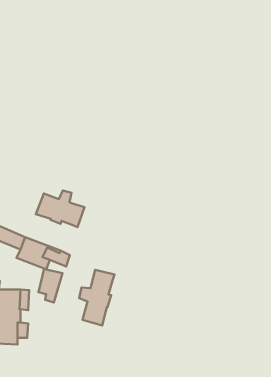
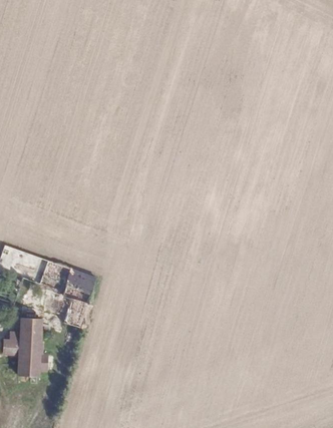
building: [36,190,85,227] -> none
building: [79,270,114,326] -> none

